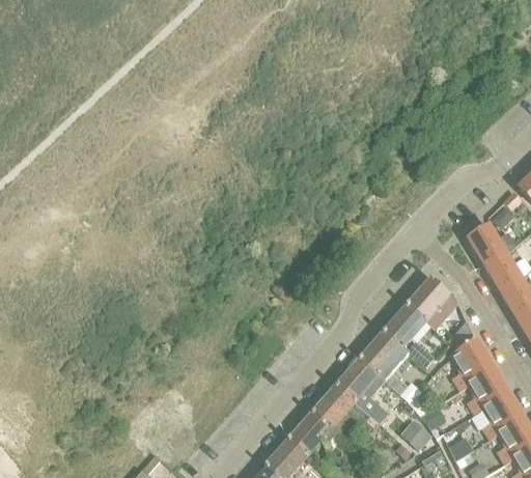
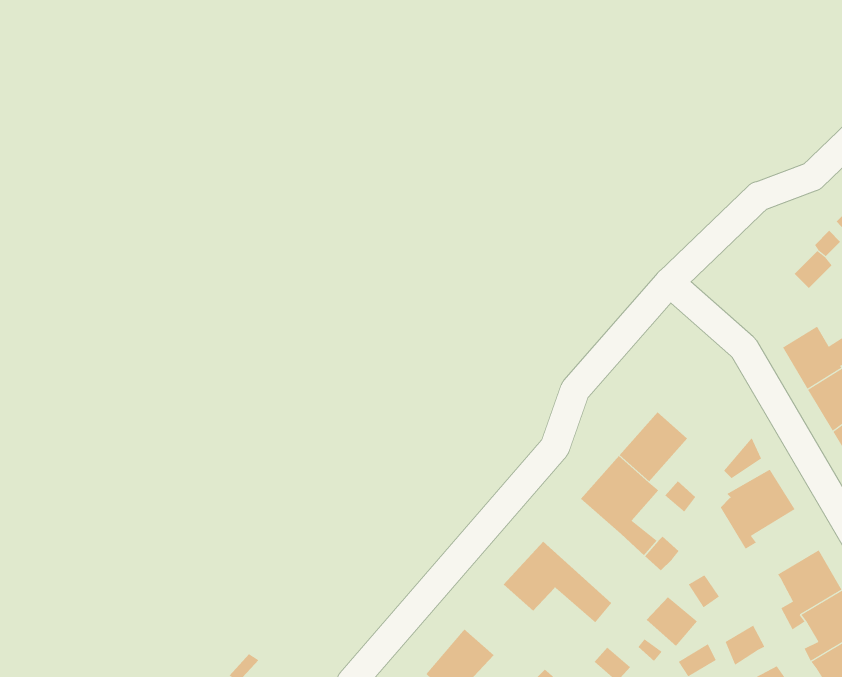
building: [468,223,506,263] -> none
building: [408,276,458,327] -> none
building: [337,357,387,421] -> none
building: [460,363,507,412] -> none
building: [288,410,338,453] -> none

